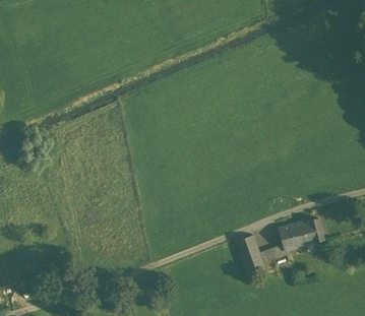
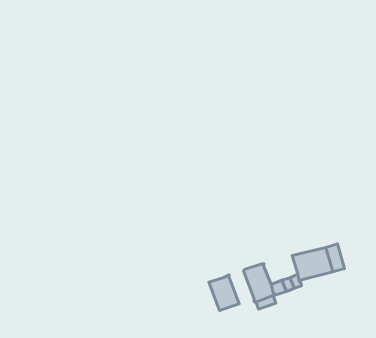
building: none -> [209,275,239,310]

